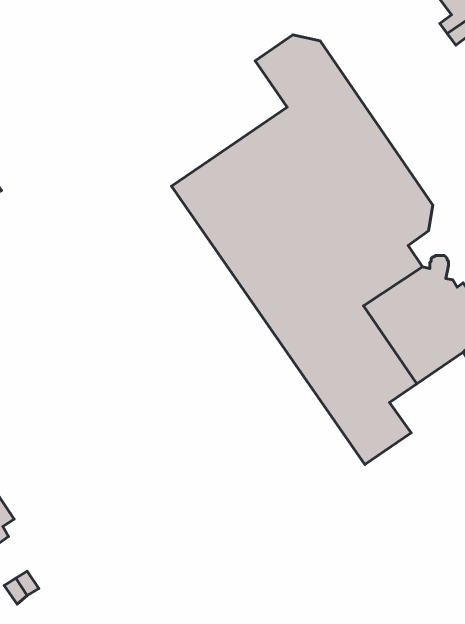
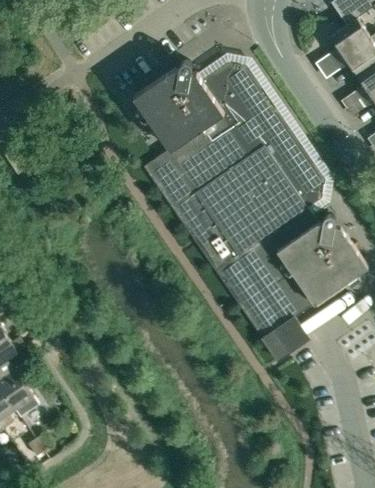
building: none -> [134,59,224,148]

